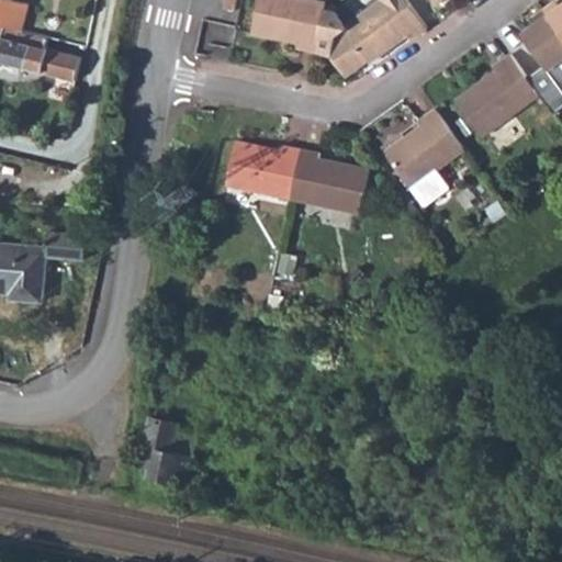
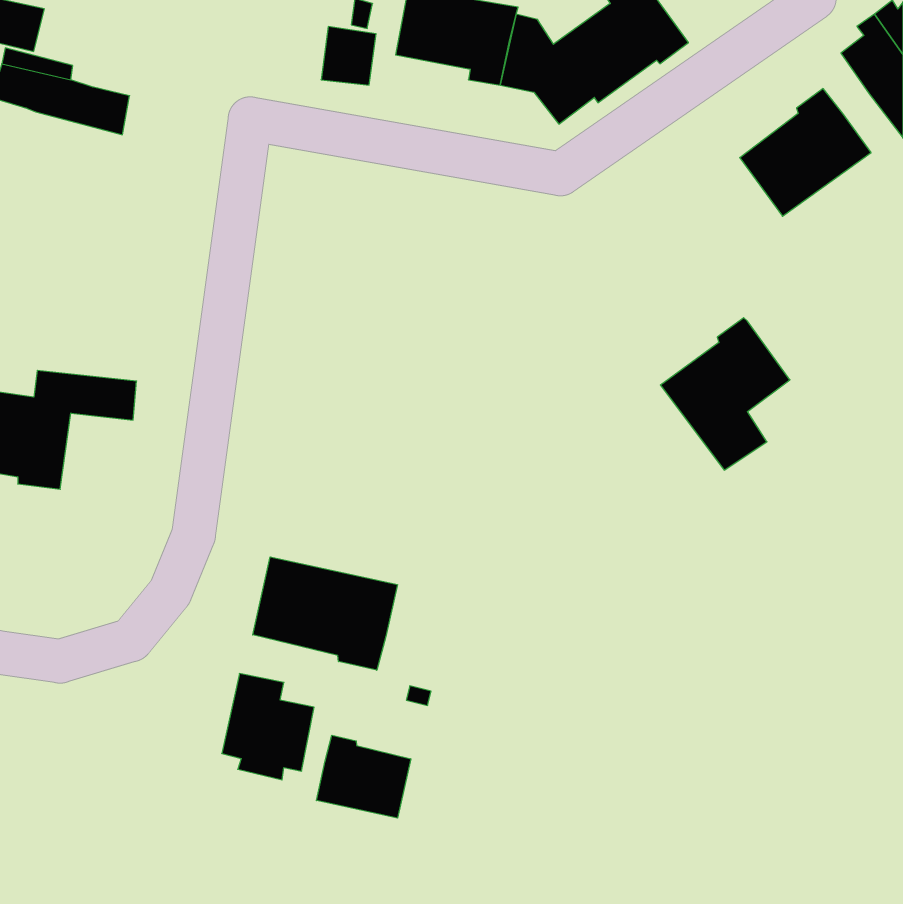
building: [387,108,468,202] -> [660,318,790,470]
building: [226,142,364,214] -> none
building: none -> [253,557,397,670]
building: none -> [316,735,411,818]

